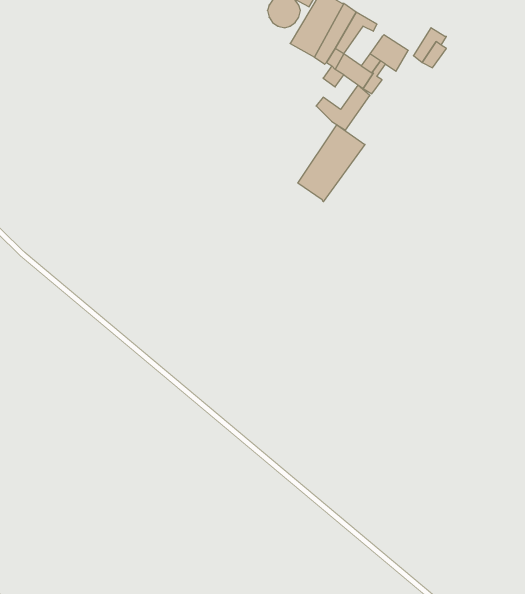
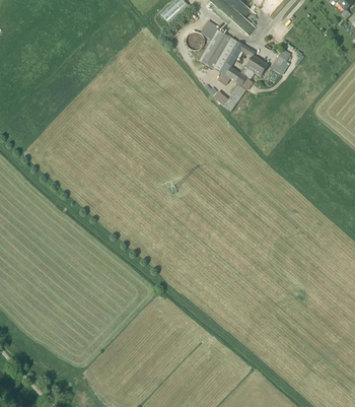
building: [298,125,365,202] -> none

